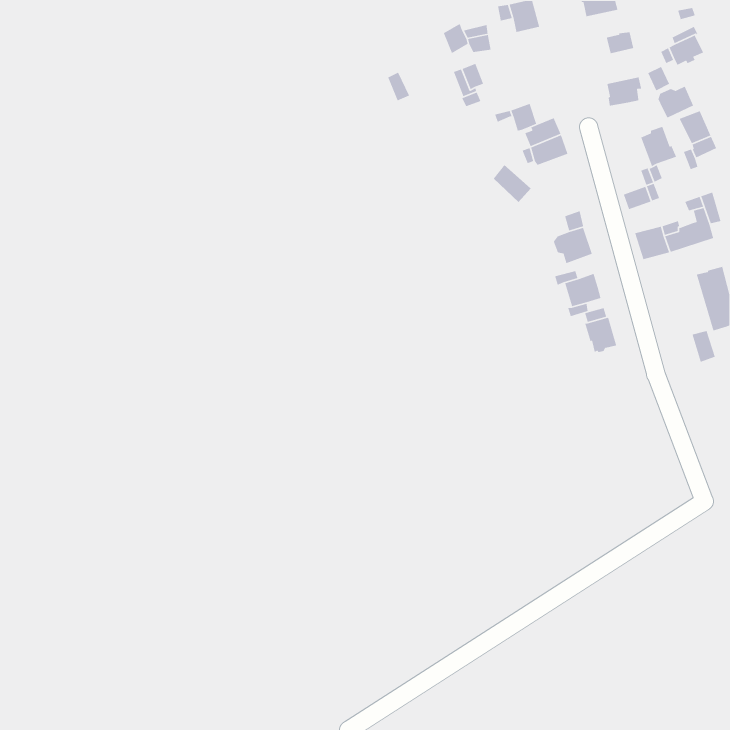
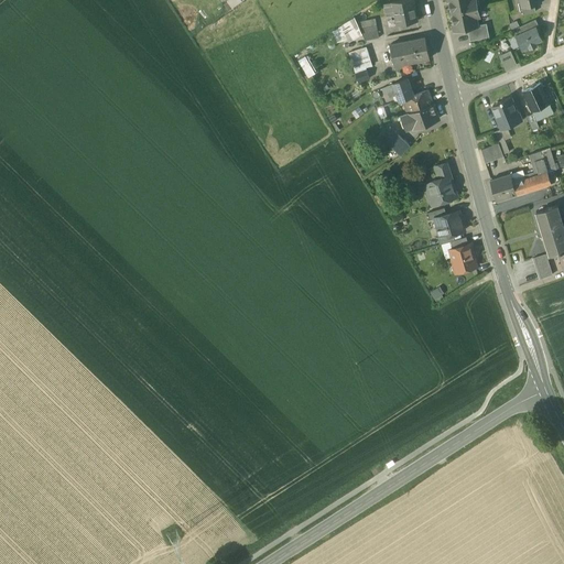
building: none -> [391,39,430,65]
building: [606,77,642,107] -> [452,8,479,31]
building: [658,85,694,118] -> none

